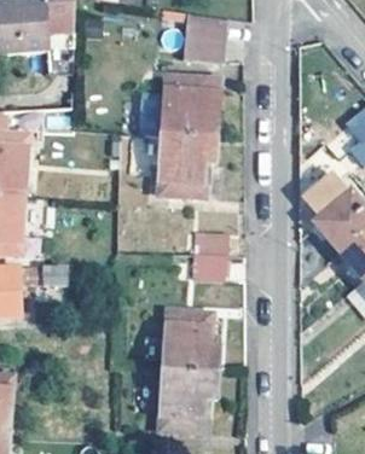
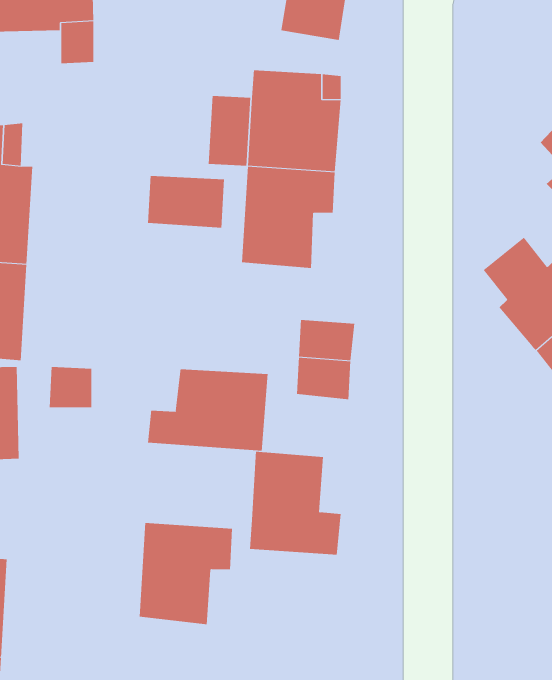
building: none -> [148,175,225,229]
building: none -> [148,368,268,452]
building: [158,371,216,433] -> [139,523,233,625]

